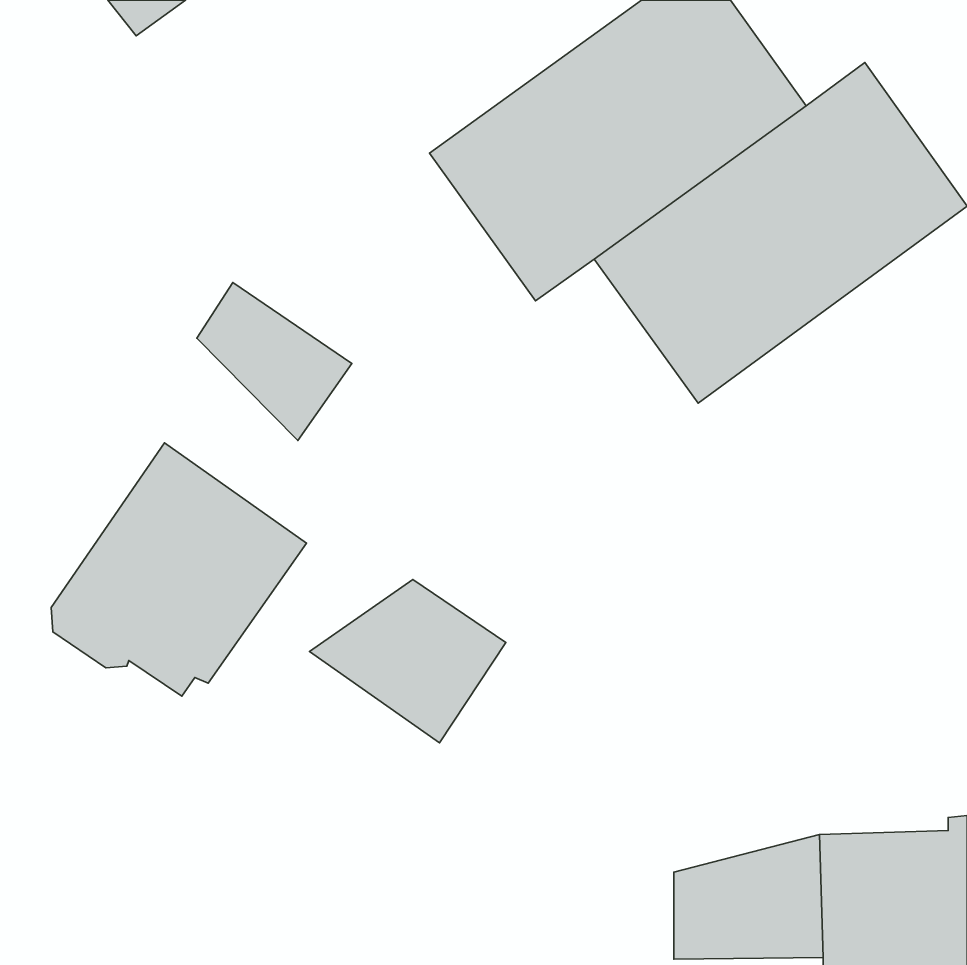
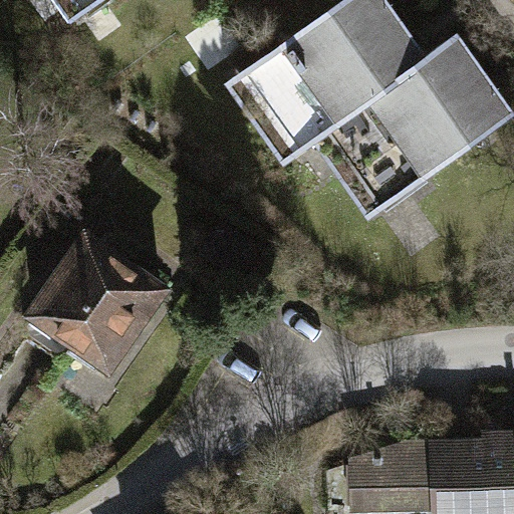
building: [197,282,352,440] -> none
building: [309,580,506,743] -> none

